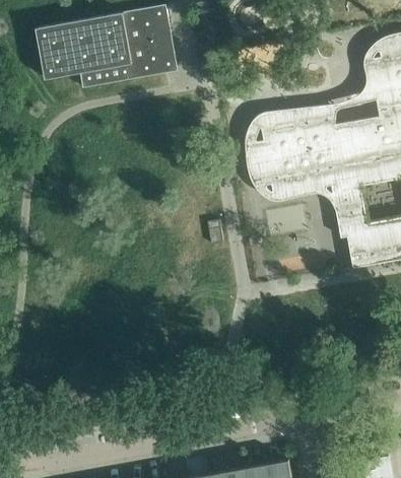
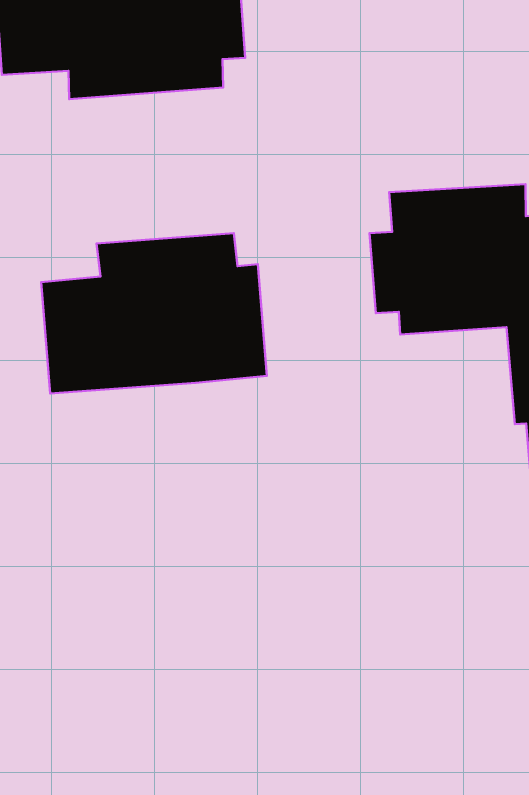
building: none -> [41,233,267,394]

